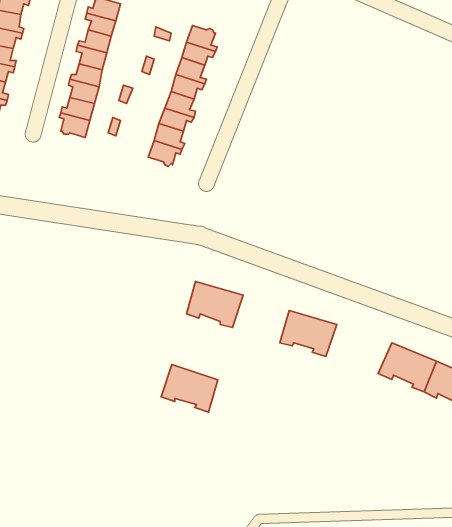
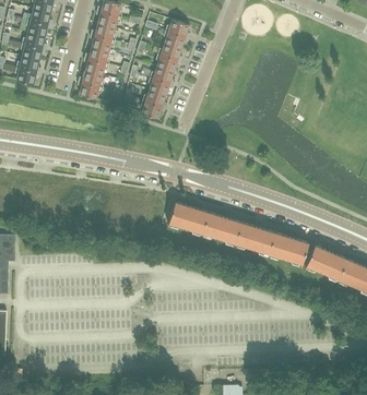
building: none -> [268,232,308,265]
building: [161,365,218,412] -> [201,212,241,246]

